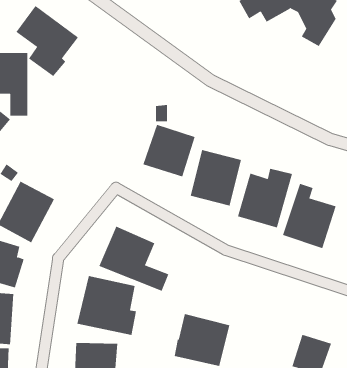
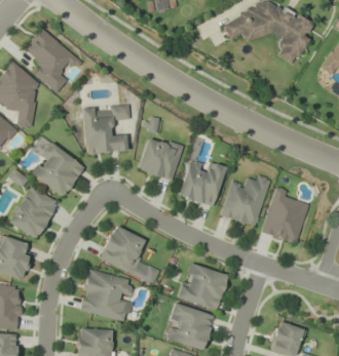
building: none -> [82,105,130,154]
building: none -> [30,143,85,197]
building: none -> [178,262,229,311]

